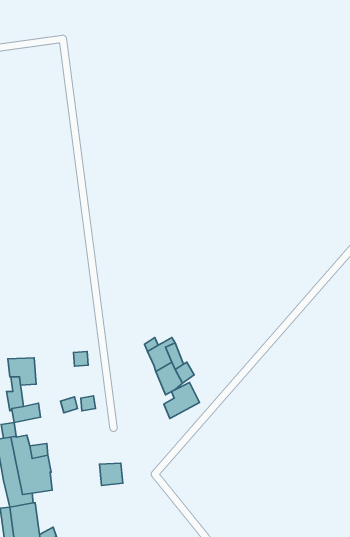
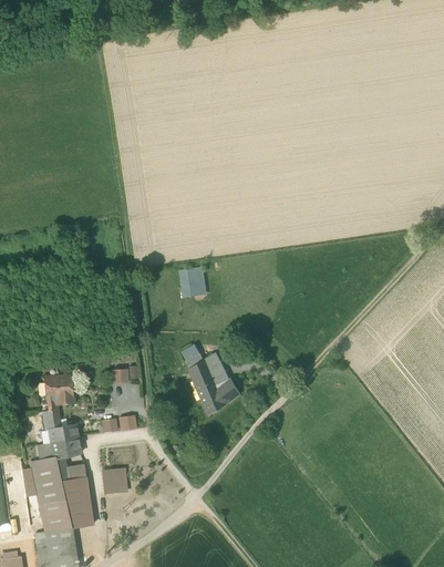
building: none -> [178,267,207,298]
building: [164,382,200,418] -> none
building: none -> [50,437,80,458]
building: [100,463,123,485] -> [102,470,126,493]

